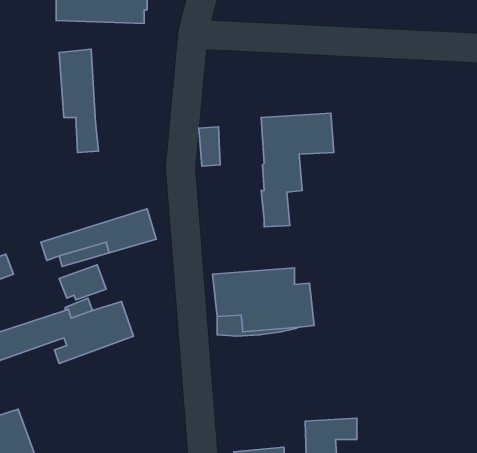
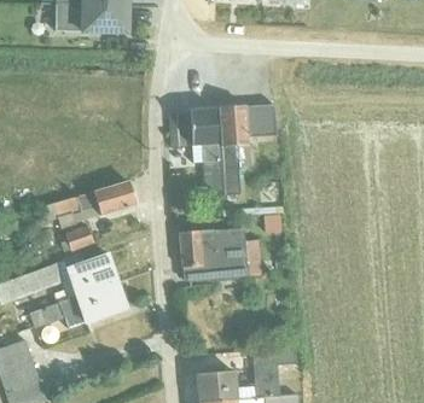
building: [59,49,99,153] -> [190,106,221,188]
building: none -> [29,280,126,327]

